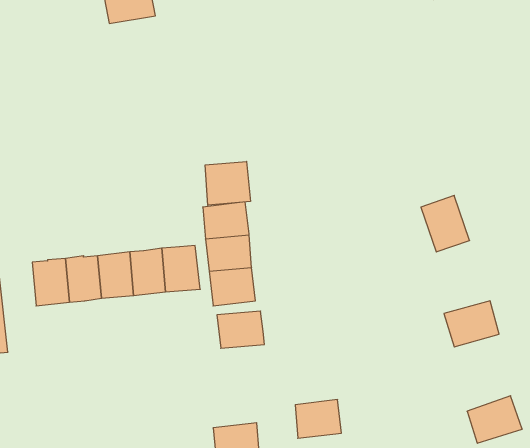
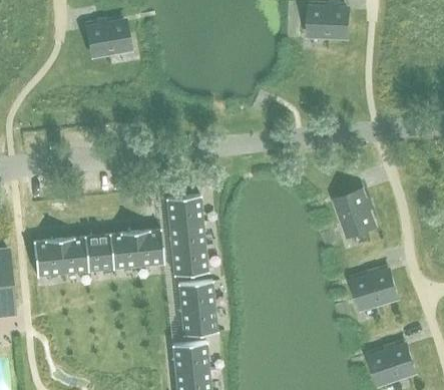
building: [205,161,250,205] -> none
building: none -> [179,307,215,336]
building: [295,400,341,438] -> [171,342,207,372]

